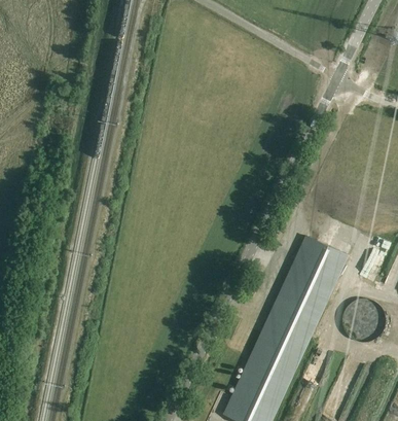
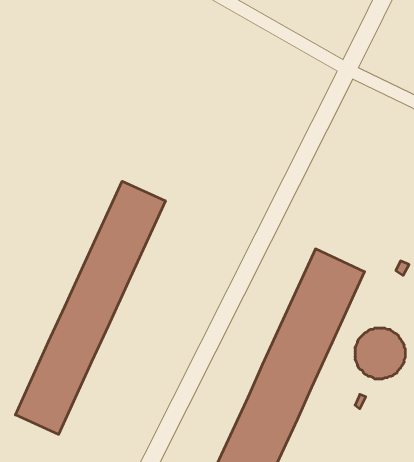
building: none -> [15,181,165,434]

